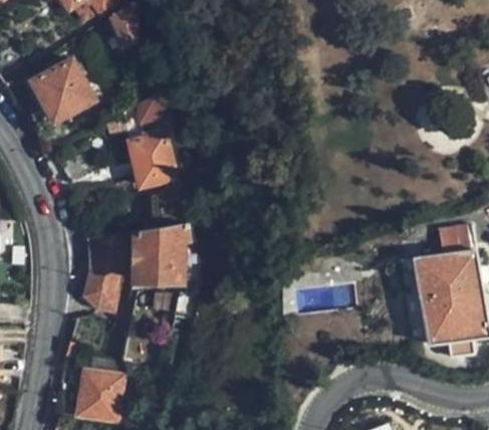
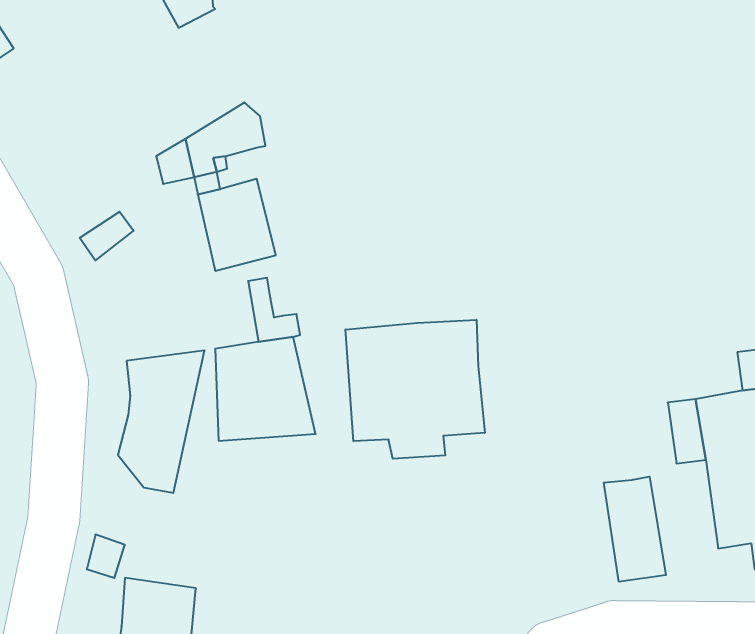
building: [24,61,91,132] -> none
building: none -> [346,320,485,459]
building: none -> [604,477,666,582]

